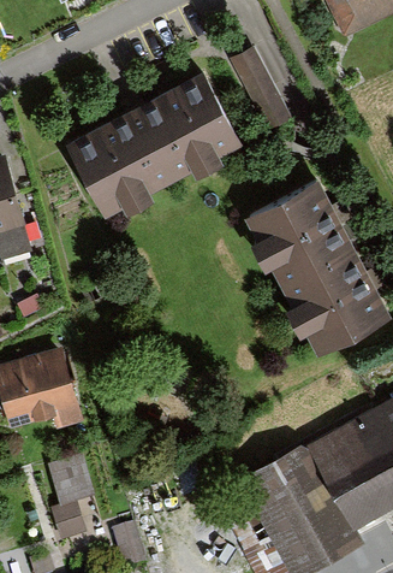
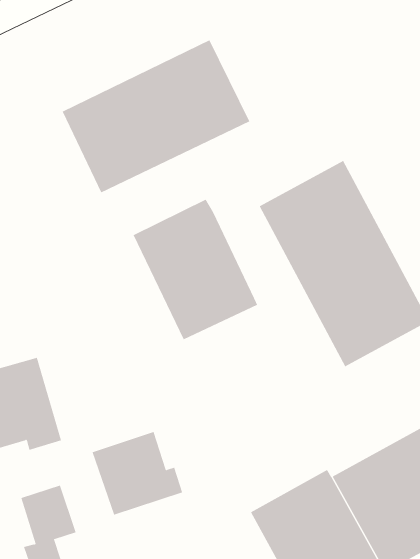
building: none -> [133,199,258,340]
building: none -> [92,431,183,516]

